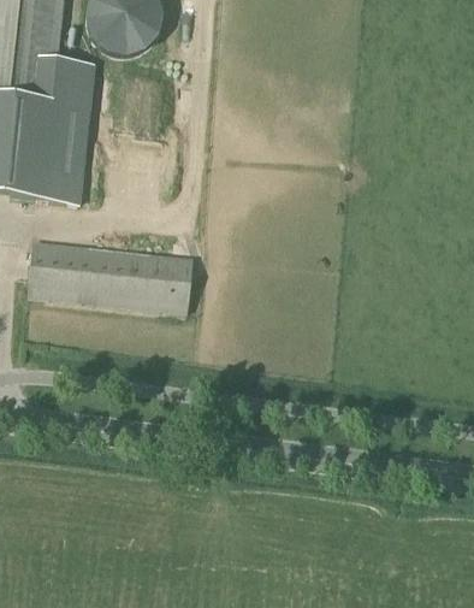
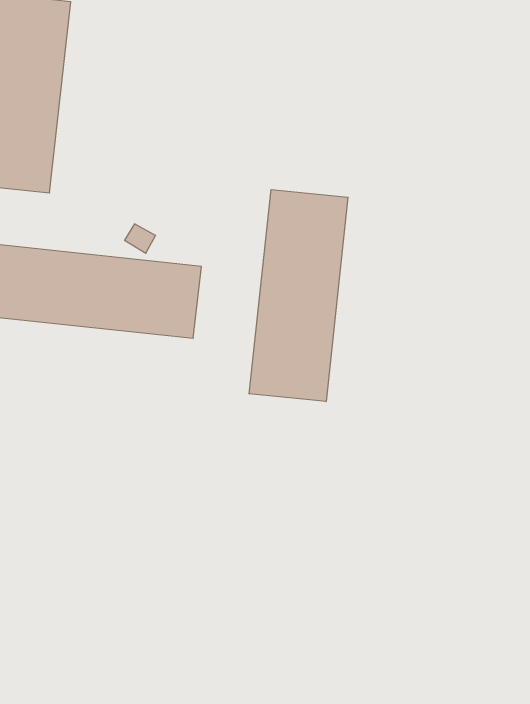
building: none -> [249,190,348,402]

